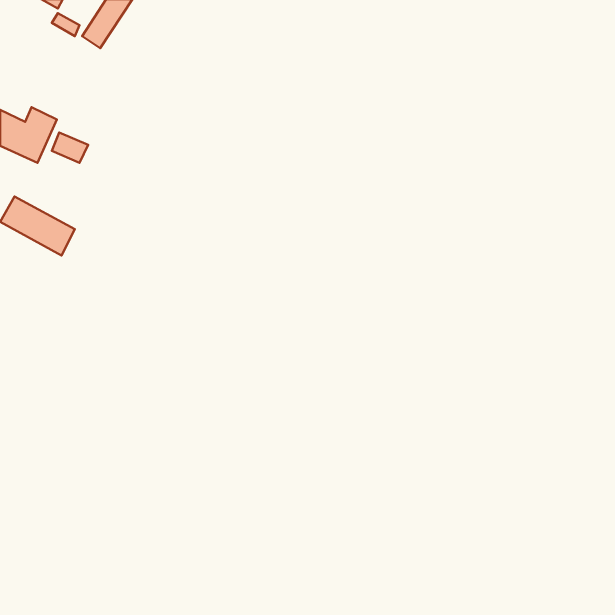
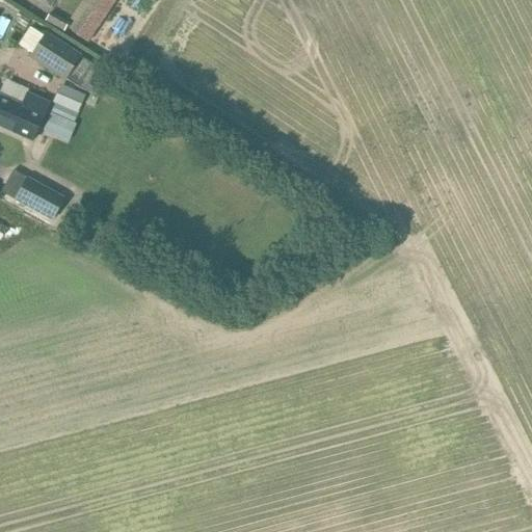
building: none -> [20,27,95,86]
building: none -> [53,84,86,122]

